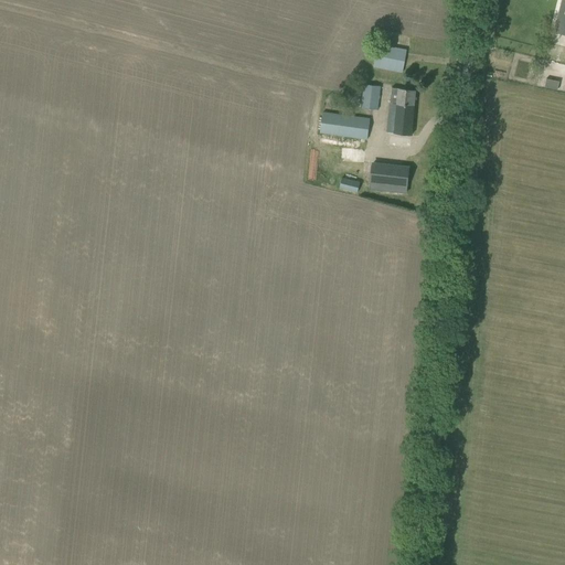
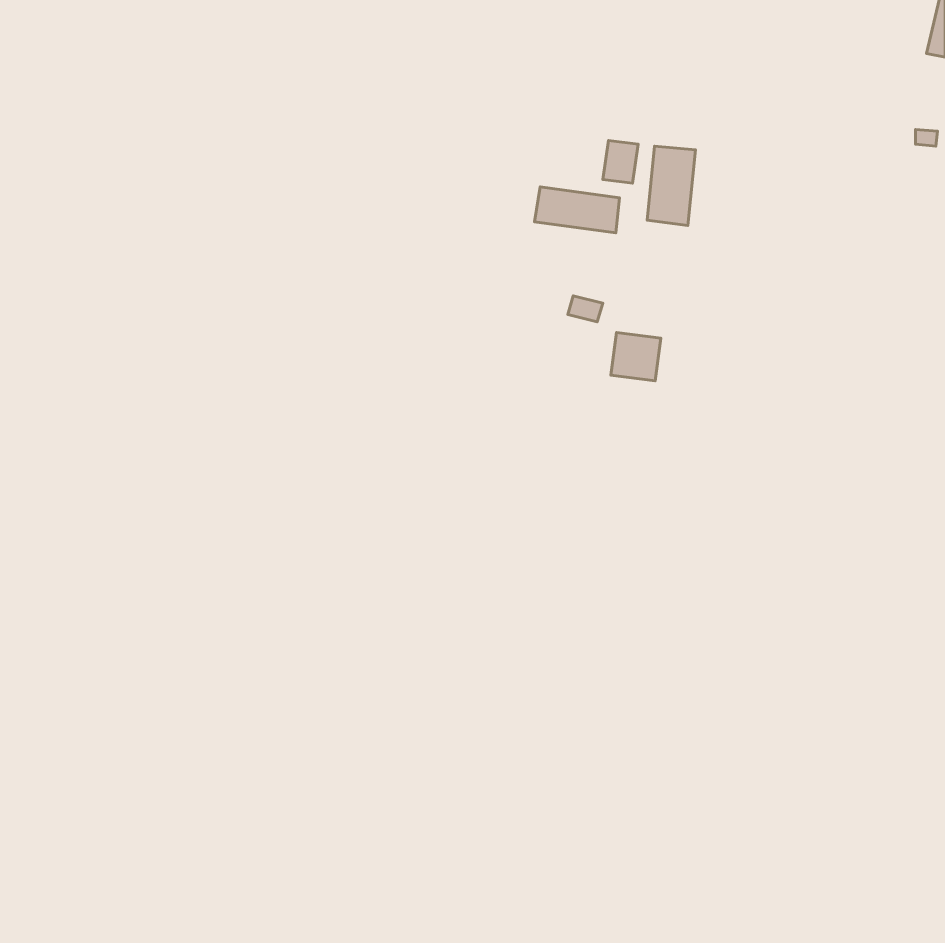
building: [373,43,406,71] -> none
building: [379,163,408,192] -> [611,333,661,381]

